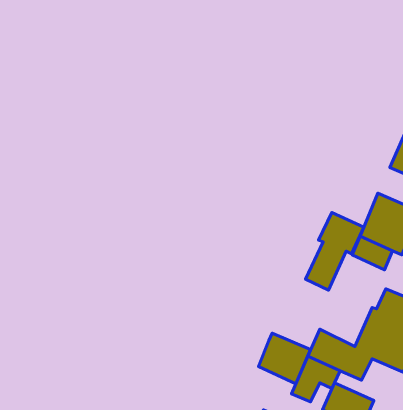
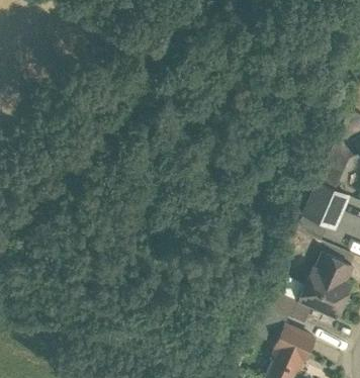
building: [306,212,364,290] -> none
building: [258,333,310,384] -> none

